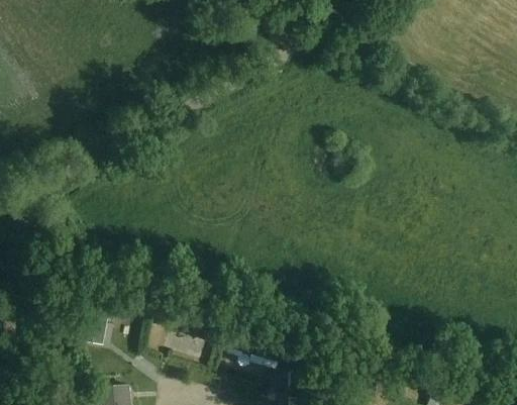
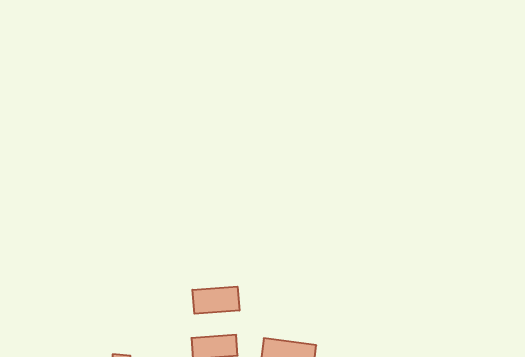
building: none -> [192,287,239,314]

